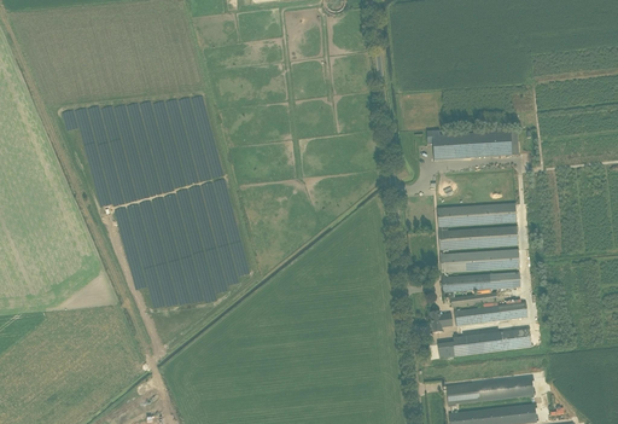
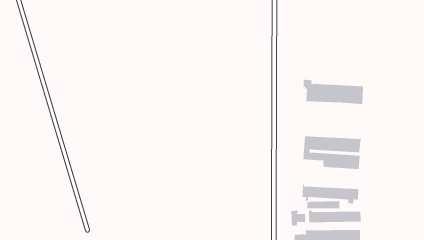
building: [439,248,519,269] -> none

